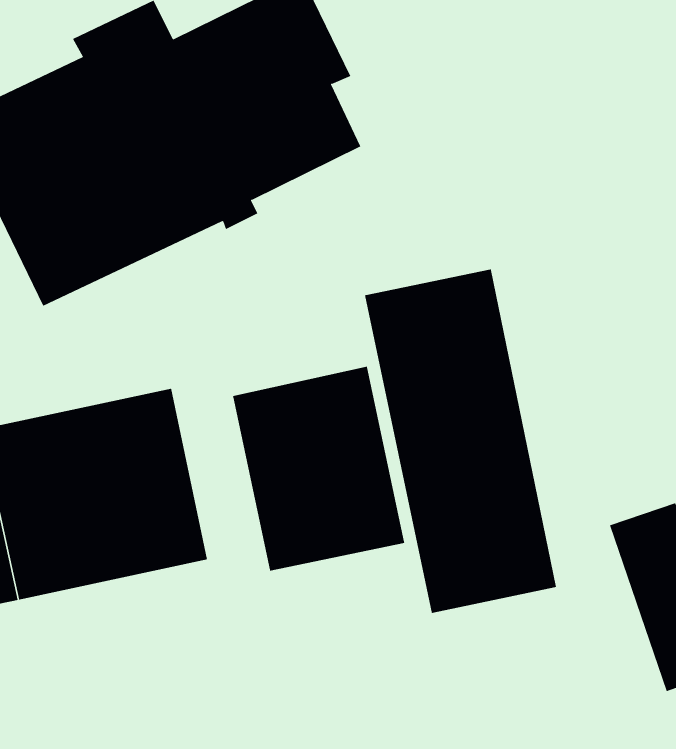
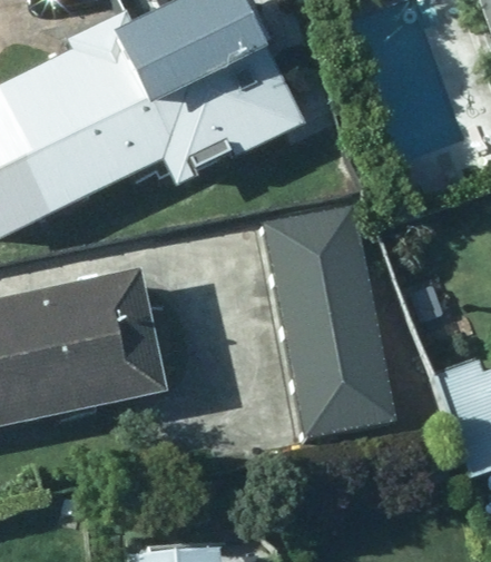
building: [232,366,405,572] -> none

